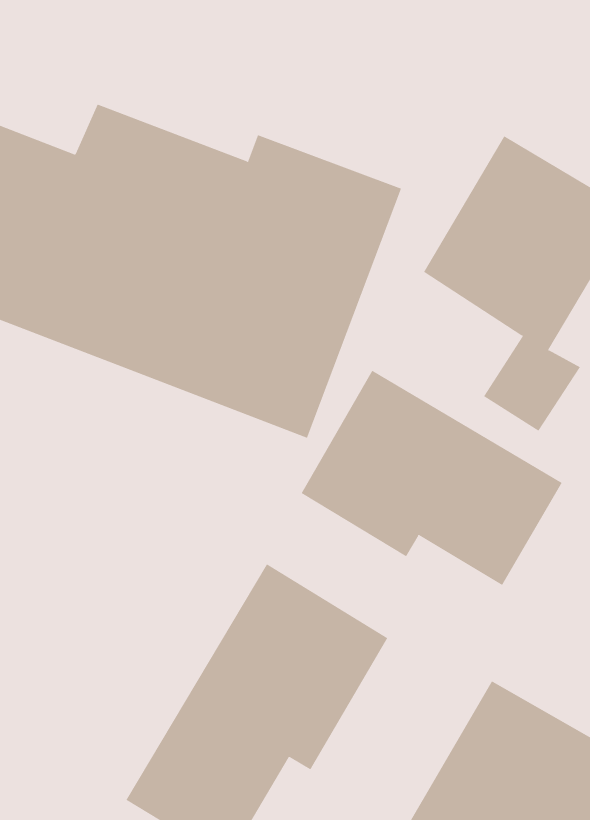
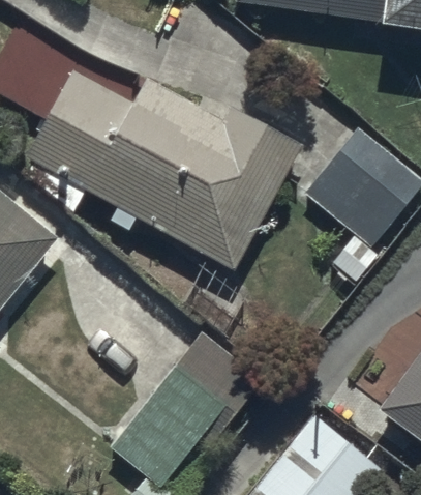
building: [301,370,563,586] -> none

